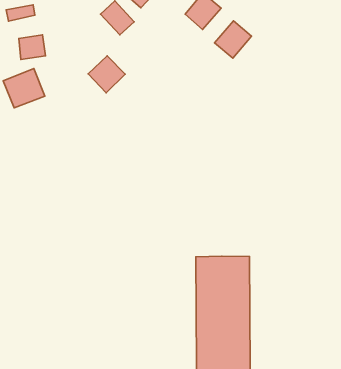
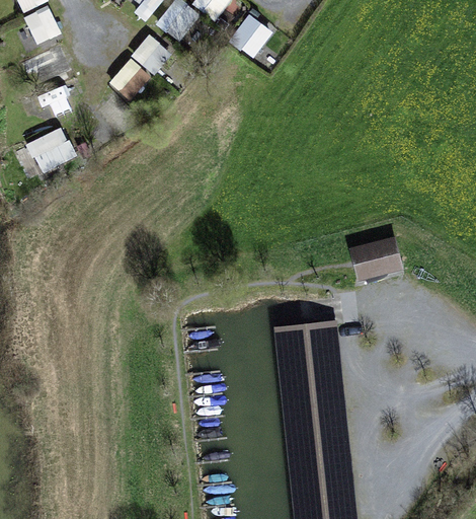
building: [215,21,252,58] -> none
building: [88,56,125,93] -> [109,57,153,100]
building: none -> [348,236,403,282]

